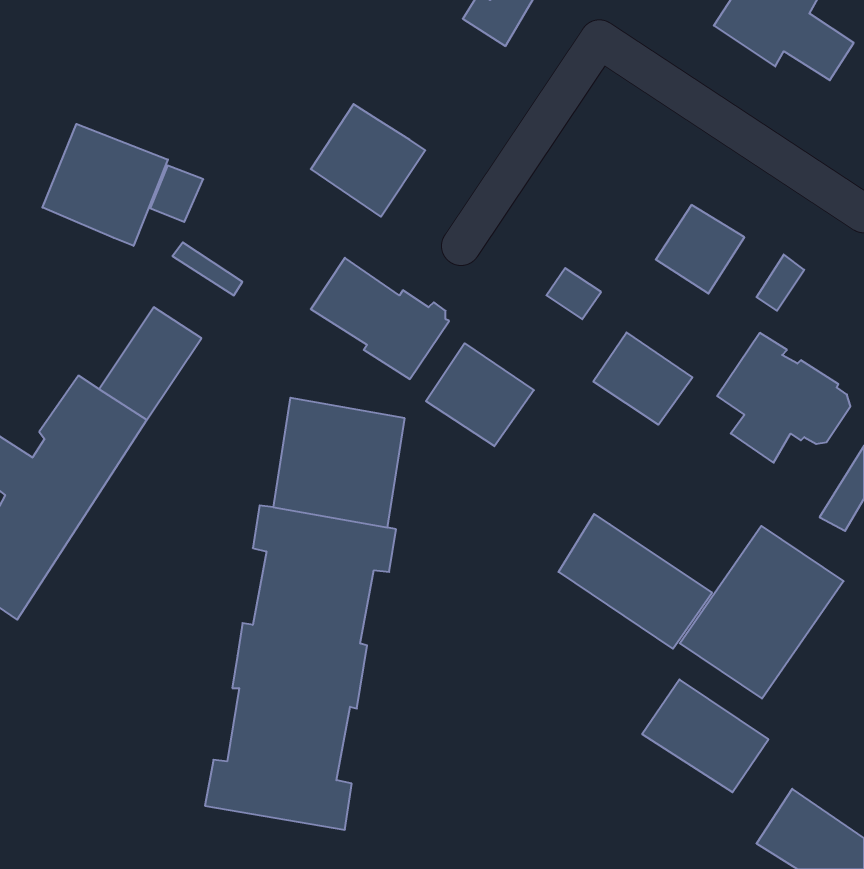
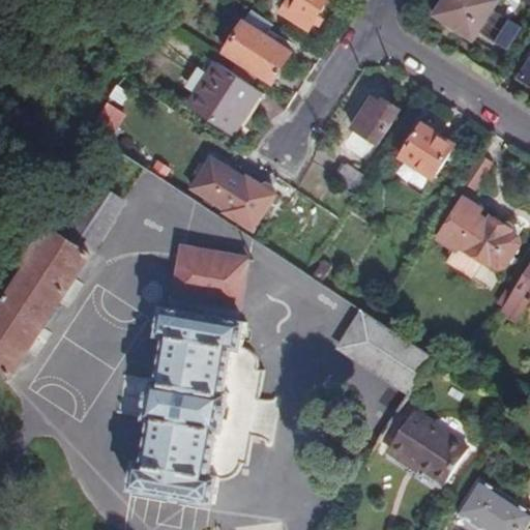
building: none -> [225,21,291,85]
building: [42,124,168,246] -> none
building: none -> [349,96,396,142]
building: [593,332,692,425] -> none
building: [426,343,534,446] -> none
building: [680,526,844,699] -> none

